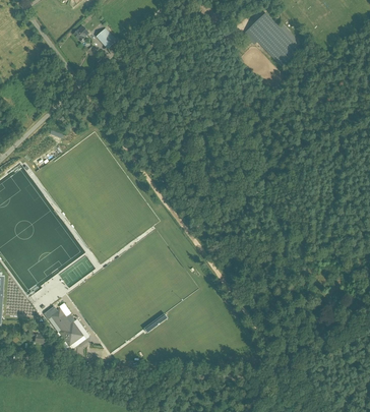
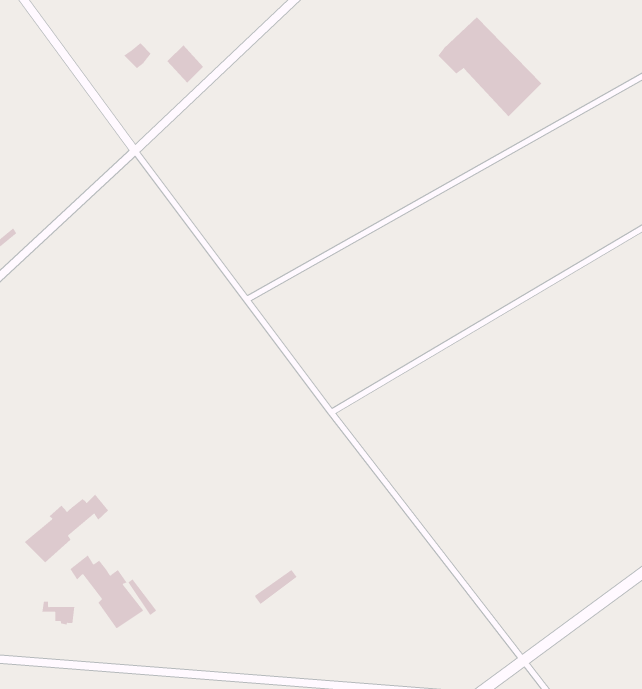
building: none -> [24,494,109,563]

